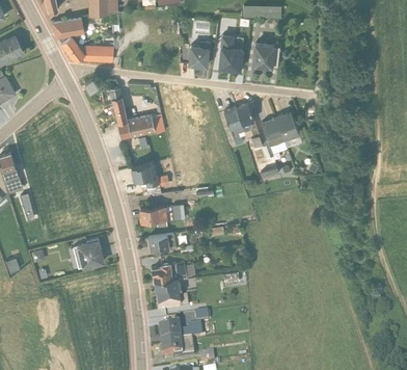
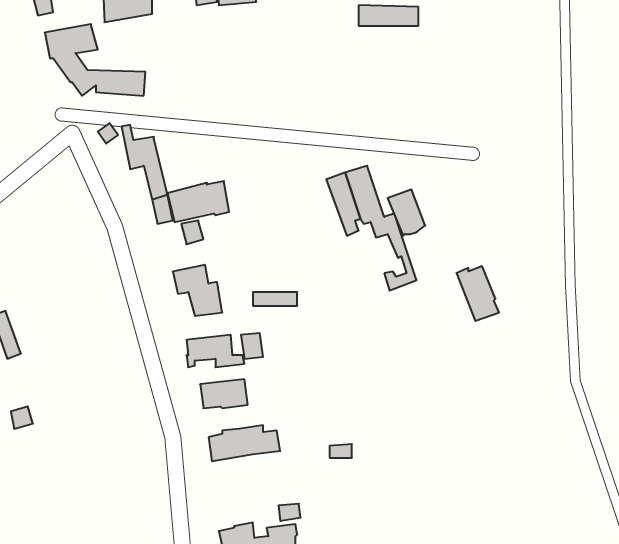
building: [218,34,243,69] -> none
building: [188,39,209,64] -> none
building: [252,43,279,67] -> none
building: [275,113,301,147] -> [456,266,499,321]
building: [73,238,102,268] -> none
building: [154,279,188,308] -> none

